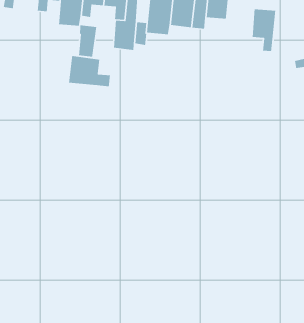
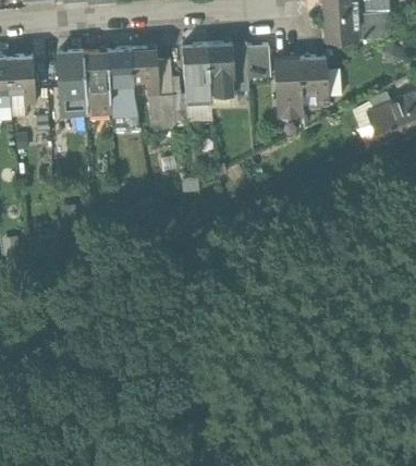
building: none -> [274,56,304,114]
building: [68,55,111,87] -> none

